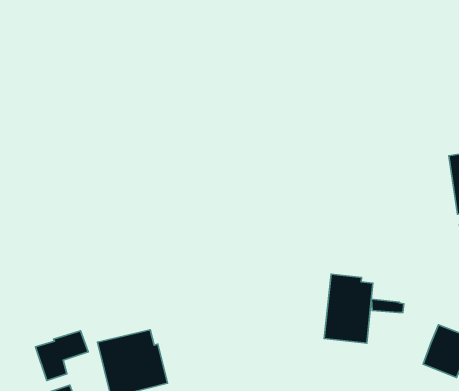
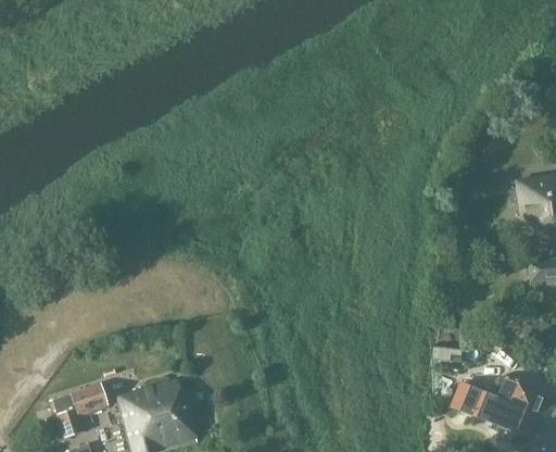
building: [324,274,373,343] -> none
building: none -> [453,379,500,417]

